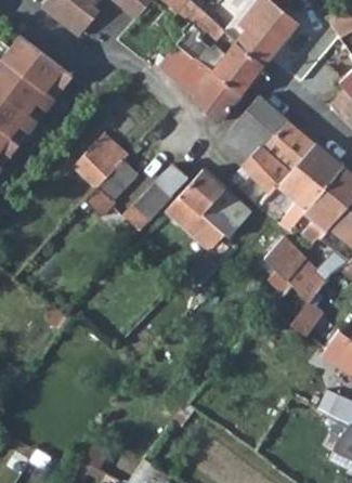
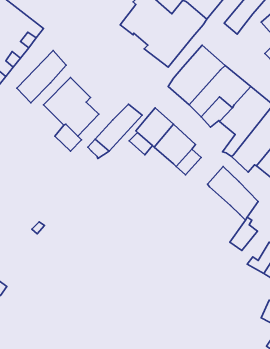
building: none -> [17,51,66,103]

